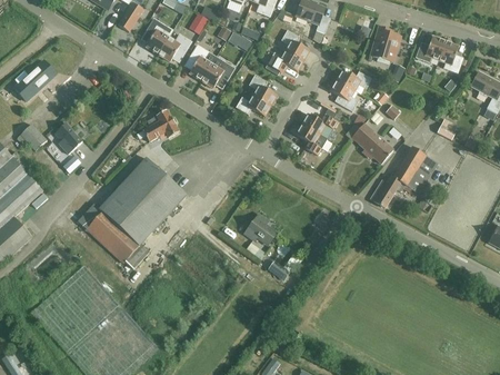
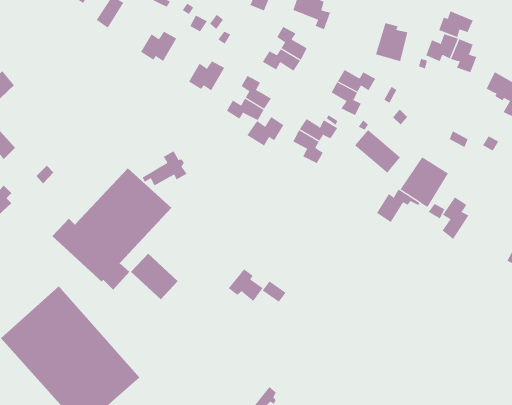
building: none -> [439,10,473,38]
building: [141,18,168,52] -> none
building: [184,45,211,79] -> none
building: [137,109,178,141] -> [142,151,187,186]
building: none -> [247,116,284,147]
building: [53,121,82,154] -> none
building: none -> [442,197,469,240]
building: [244,214,277,244] -> [228,269,263,302]
building: none -> [130,253,179,300]

